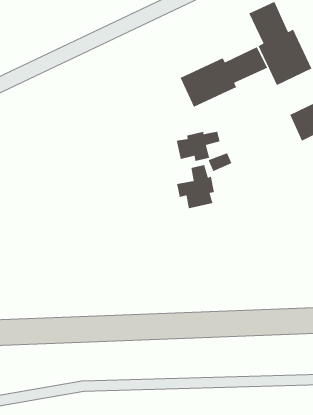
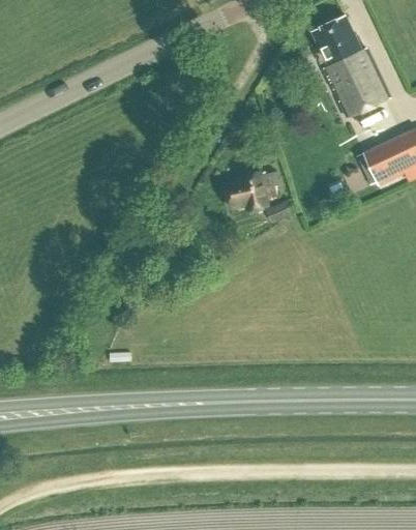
building: [180,46,268,108] -> none
building: [176,164,215,209] -> none

